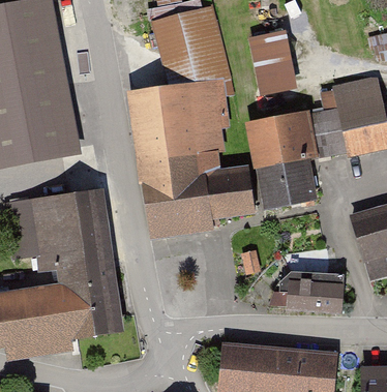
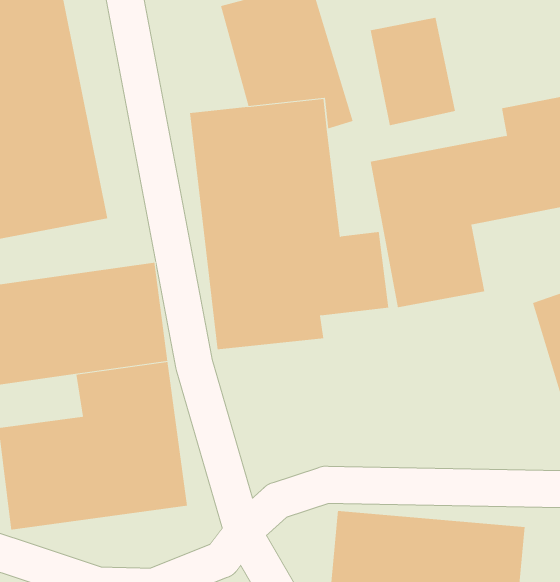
building: [287,278,349,316] -> none

